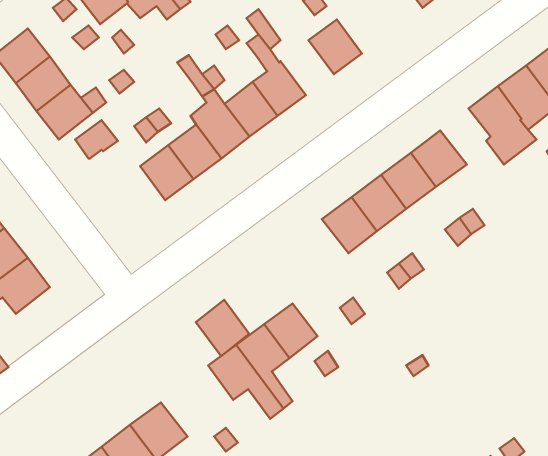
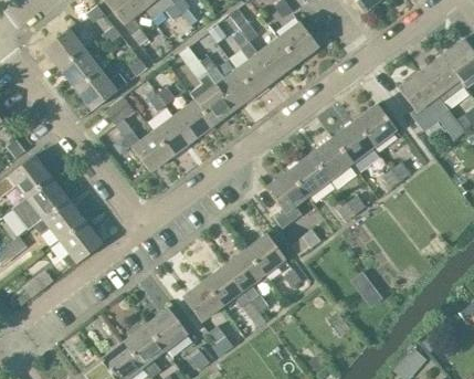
building: none -> [257,36,297,77]
building: none -> [115,118,171,171]
building: none -> [265,170,308,229]
building: none -> [60,221,102,269]
building: [196,300,249,356] -> [182,280,222,322]

